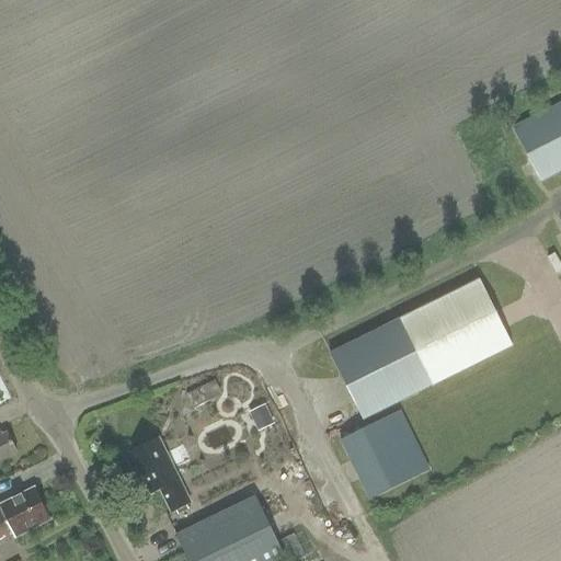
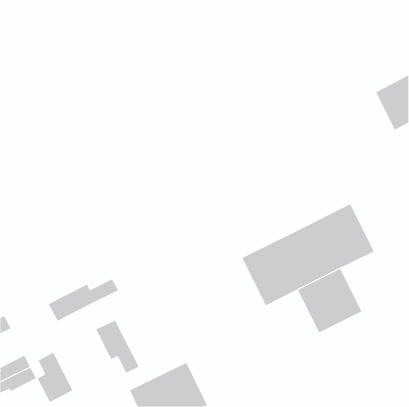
building: none -> [48,279,119,321]
building: [340,409,428,497] -> [297,268,362,333]
building: none -> [37,352,73,403]

